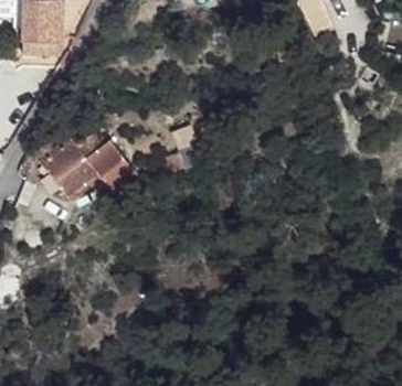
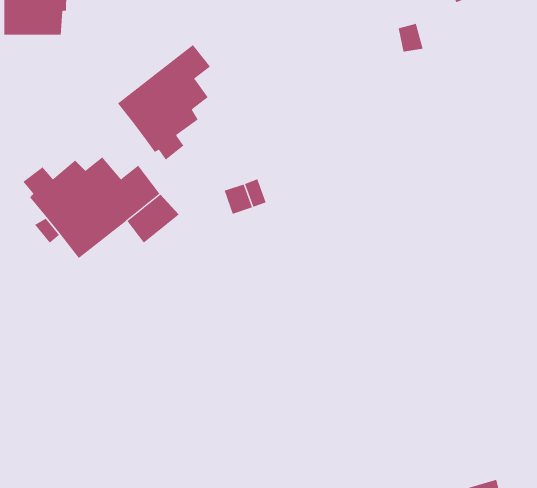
building: none -> [117,44,211,161]

